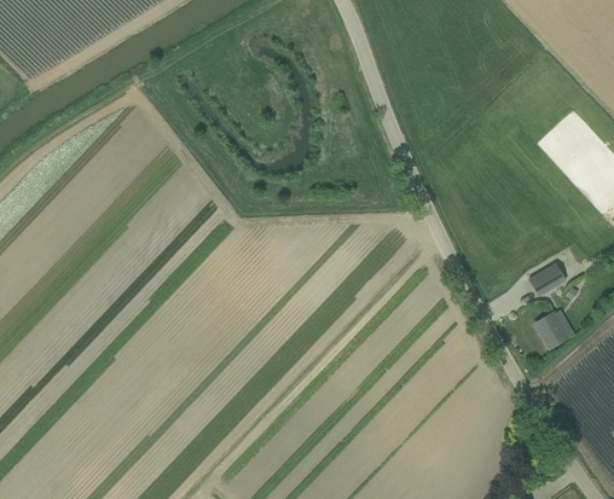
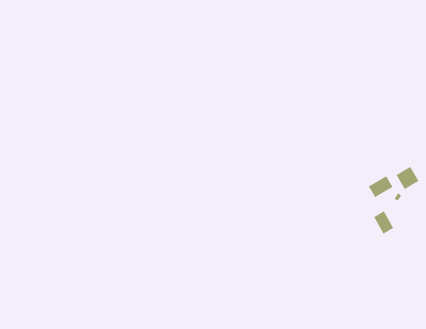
building: none -> [396,166,419,190]

